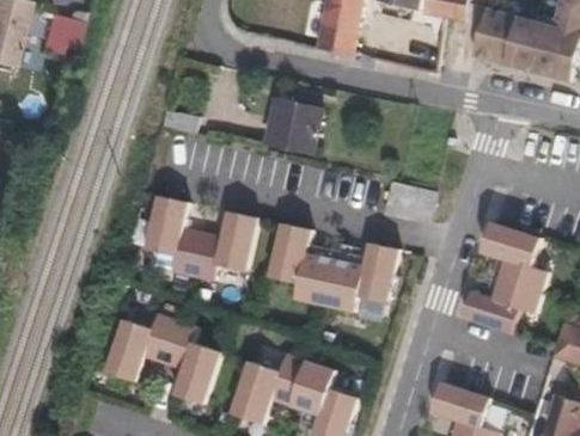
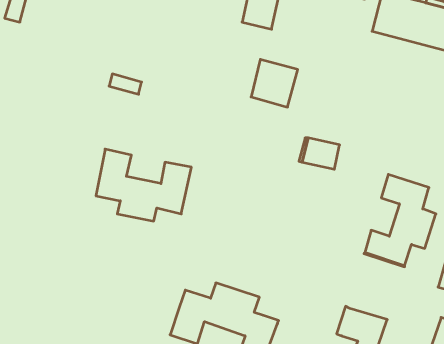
building: [265,94,320,151] -> [251,59,298,107]
building: [268,221,399,311] -> none
building: [104,313,220,404] -> none

